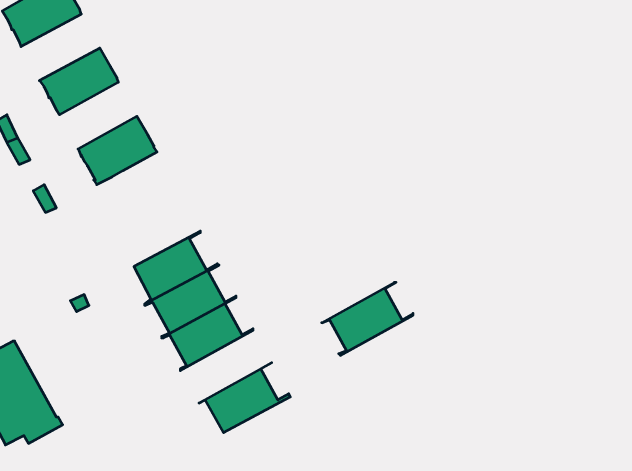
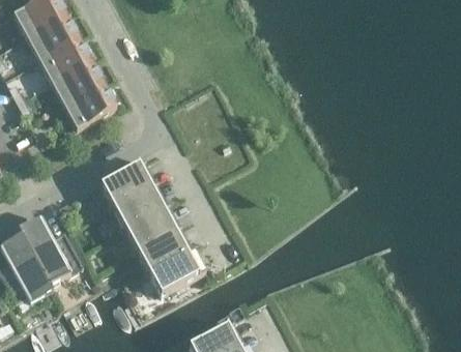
building: none -> [25,12,78,57]
building: none -> [51,58,103,102]
building: [322,282,413,355] -> [132,224,193,272]
building: none -> [17,213,83,282]

